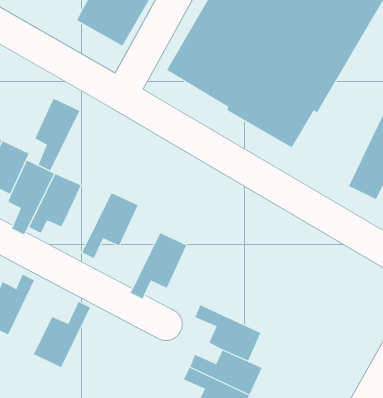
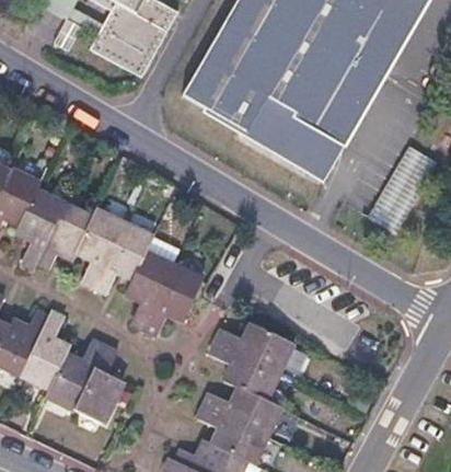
building: [35,98,80,171] -> [79,210,126,286]
building: none -> [126,251,176,327]
building: none -> [20,308,69,385]
building: none -> [218,322,294,369]
building: none -> [74,343,123,419]

